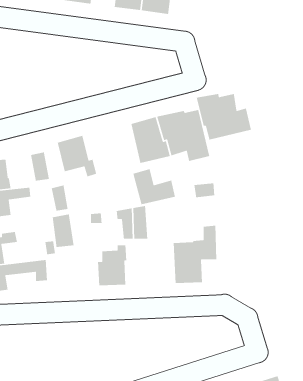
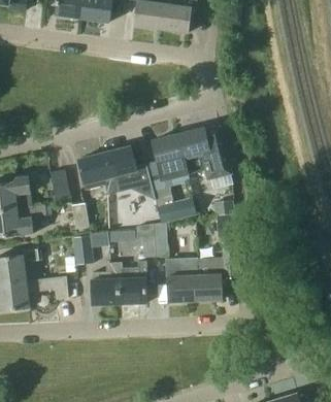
building: [196,93,252,141] -> none
building: none -> [103,146,155,199]
building: none -> [166,260,195,302]
building: none -> [91,262,122,304]

